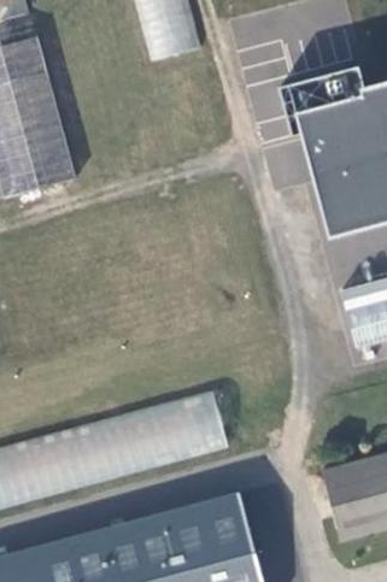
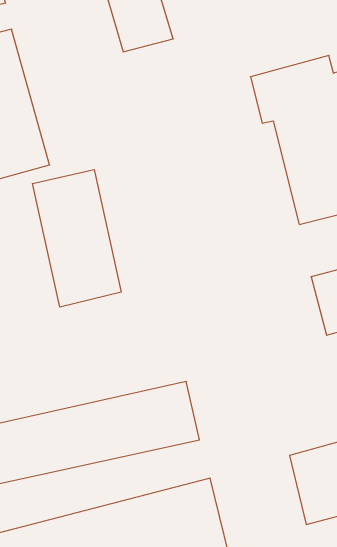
building: none -> [32,170,121,307]

